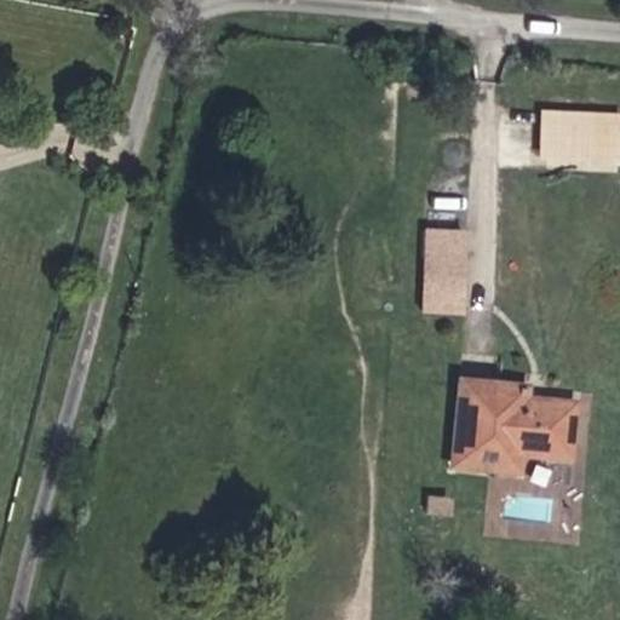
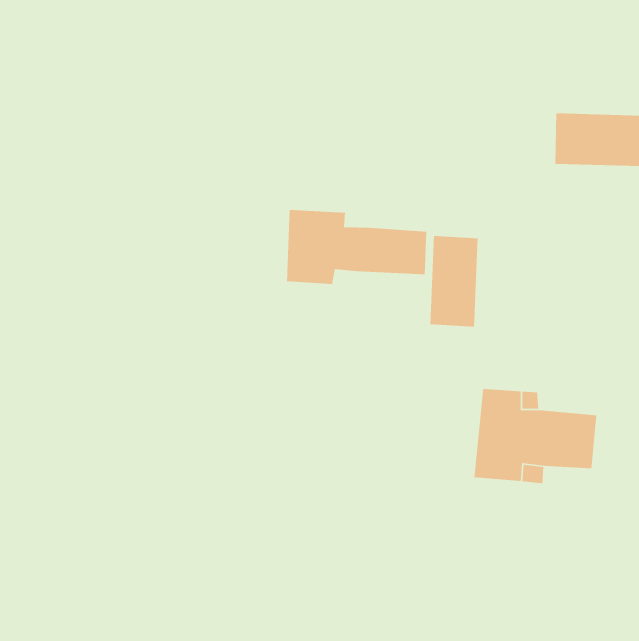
building: none -> [286,209,427,285]

